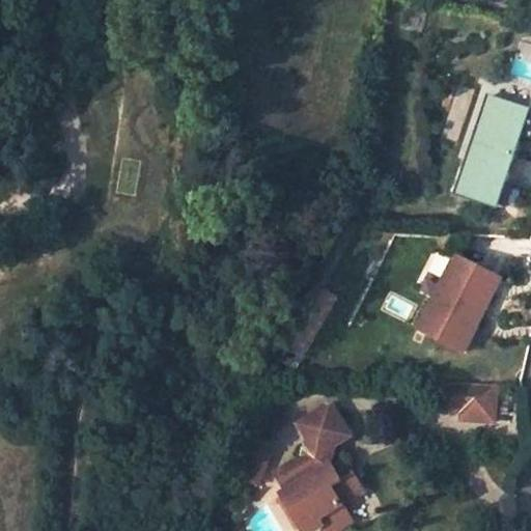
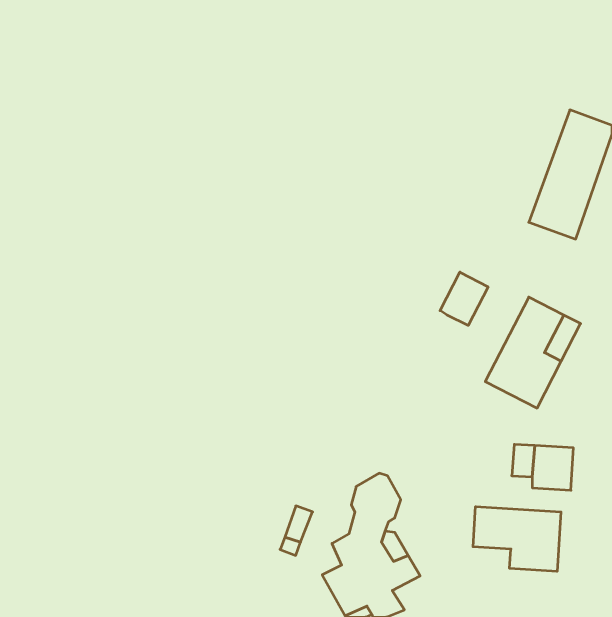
building: none -> [440,272,488,325]
building: none -> [473,507,561,571]

